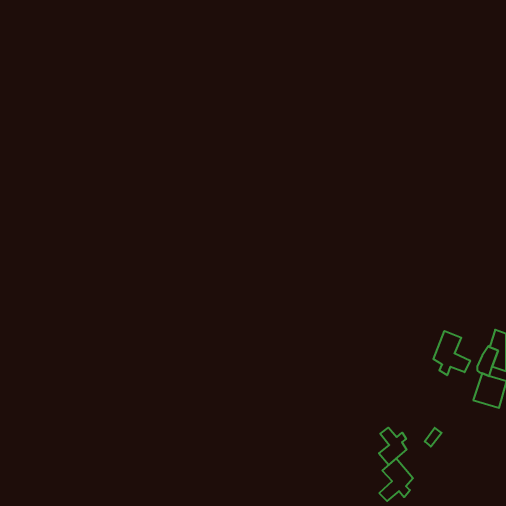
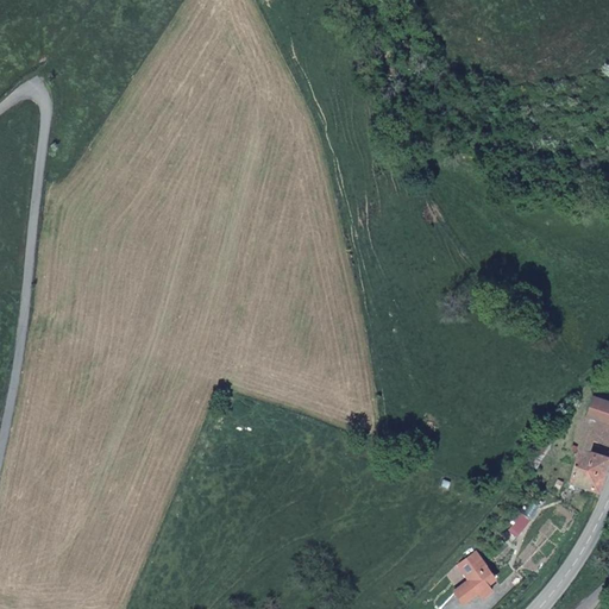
building: [433,331,470,375] -> none
building: [379,428,407,465] -> none

